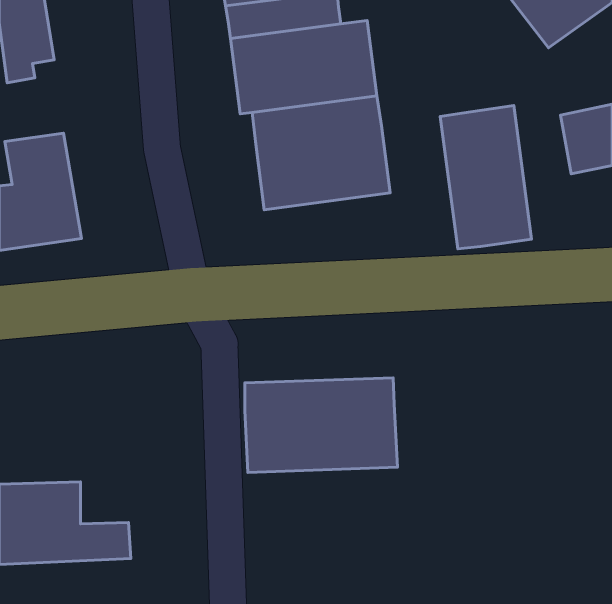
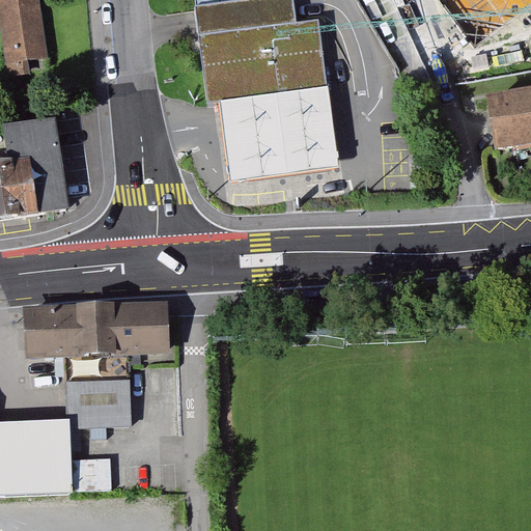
building: [440,106,532,249] -> none
building: none -> [23,306,169,417]
building: [245,378,397,473] -> none

